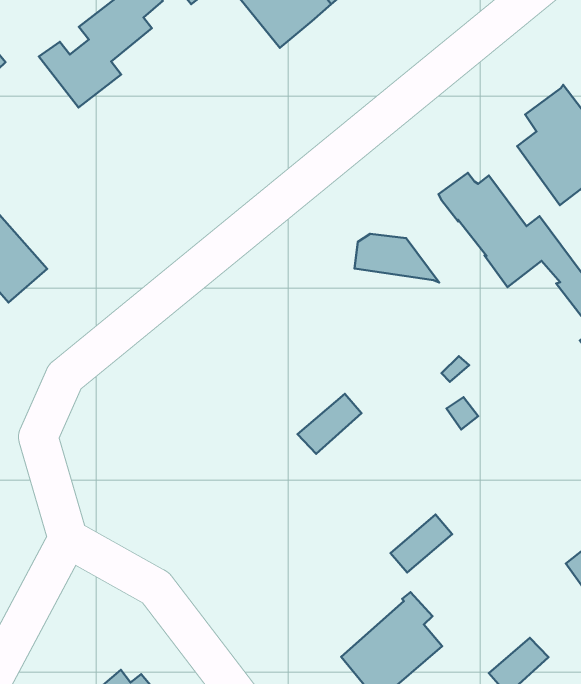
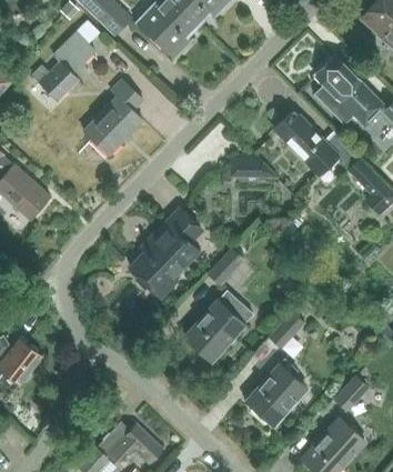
building: none -> [83,80,142,155]
building: none -> [130,209,203,299]
building: none -> [185,291,253,360]

